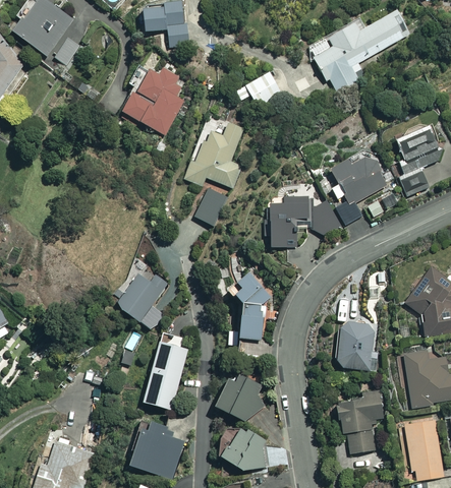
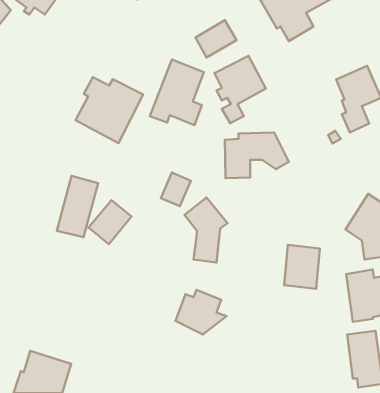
building: [120,64,195,137] -> [76,77,143,143]
building: [330,148,387,224] -> [215,56,266,123]
building: [196,188,230,226] -> [161,172,191,206]
building: [142,341,187,409] -> [57,176,98,237]
building: [333,383,387,453] -> none
building: [125,421,187,479] -> none
building: [218,424,268,469] -> none

